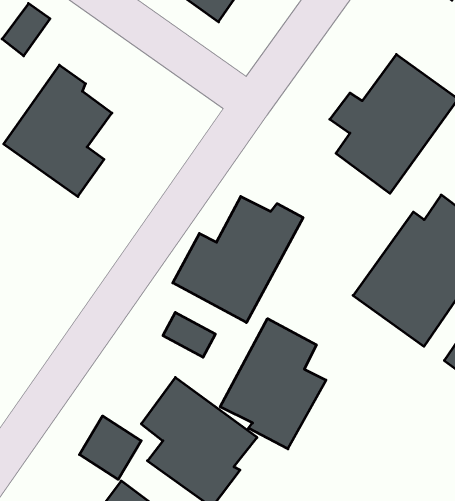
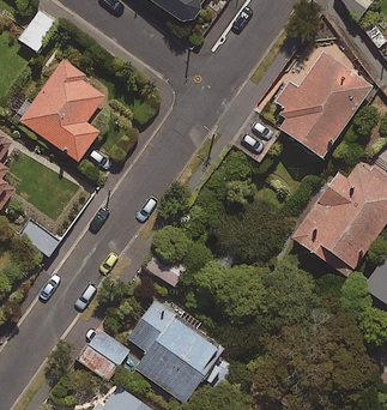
building: [173,196,303,323] -> none
building: [220,319,326,449] -> none

